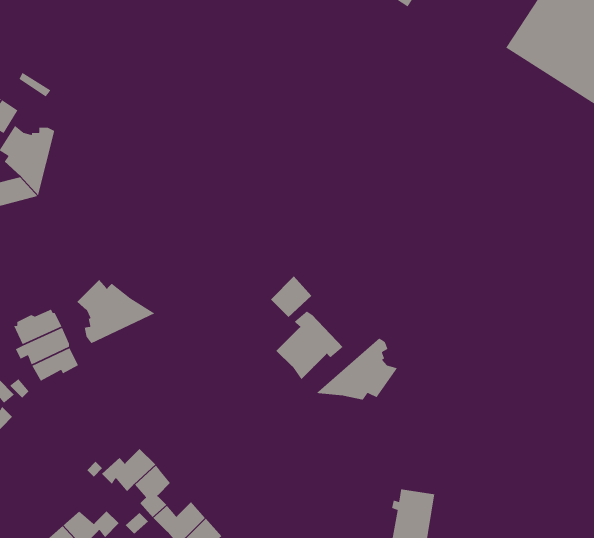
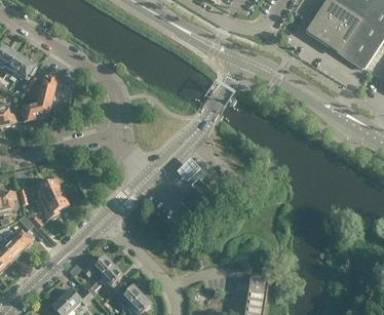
building: [76,279,156,344] -> none
building: [315,338,398,400] -> none

